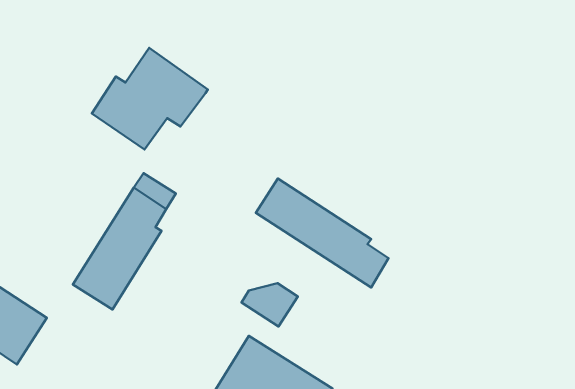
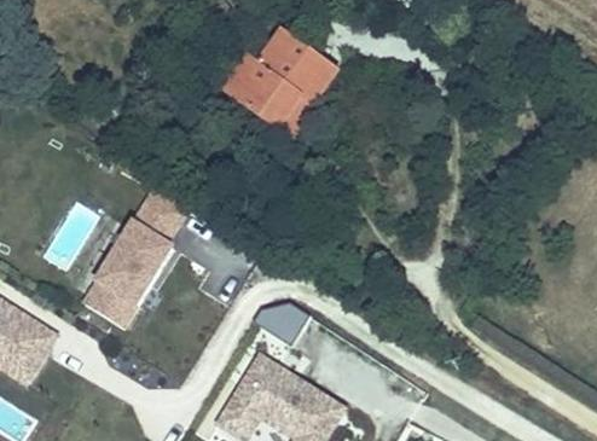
building: [92,48,208,149] -> [221,28,338,130]
building: [256,178,388,287] -> none

